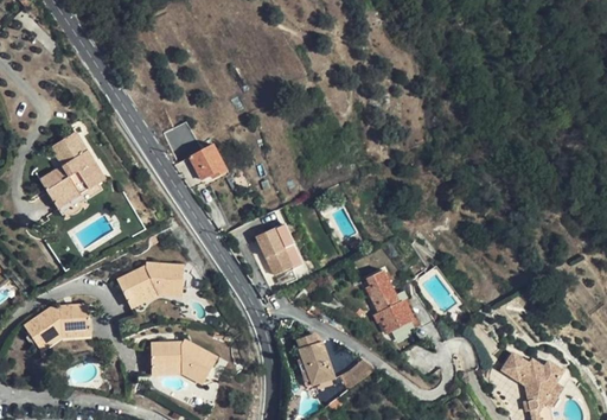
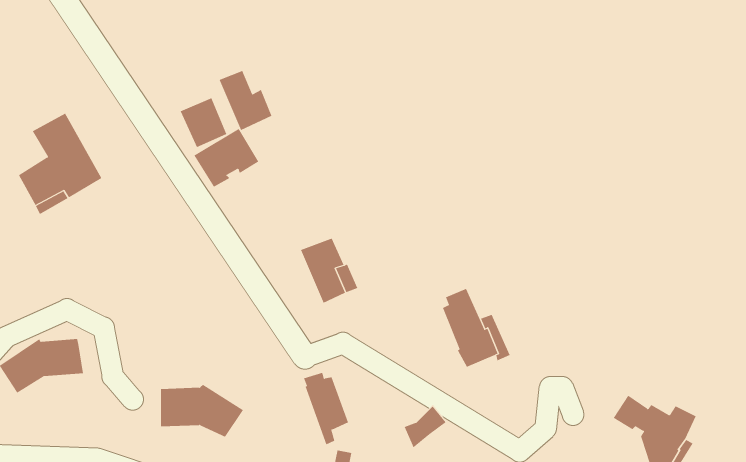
building: none -> [219,70,272,131]
building: [117,263,181,306] -> none
building: [299,337,334,394] -> [303,372,349,445]

